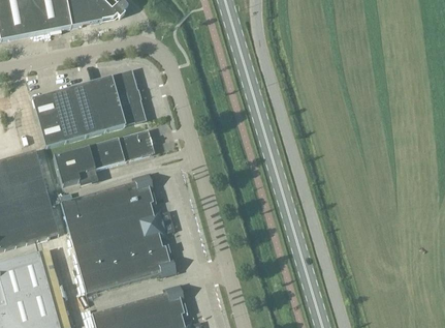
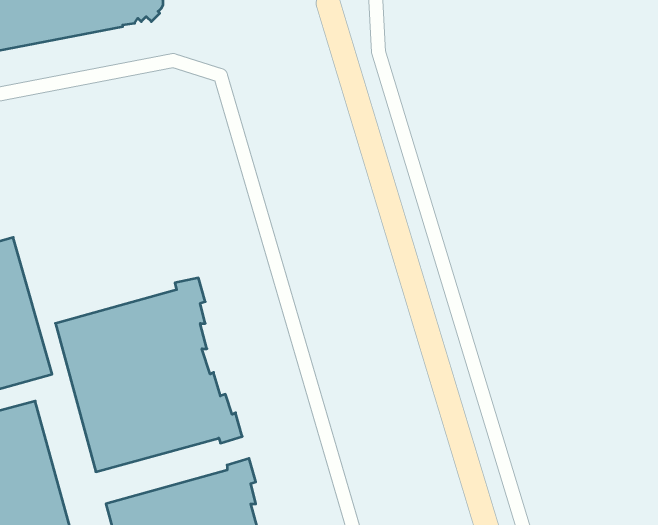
building: [31,71,144,148] -> none
building: [53,130,153,186] -> none

